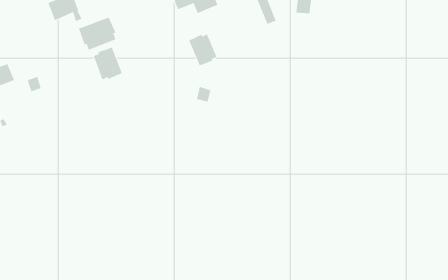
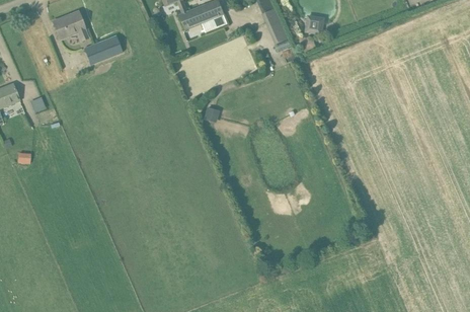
building: [188,33,217,66] -> none
building: [93,47,123,80] -> none

